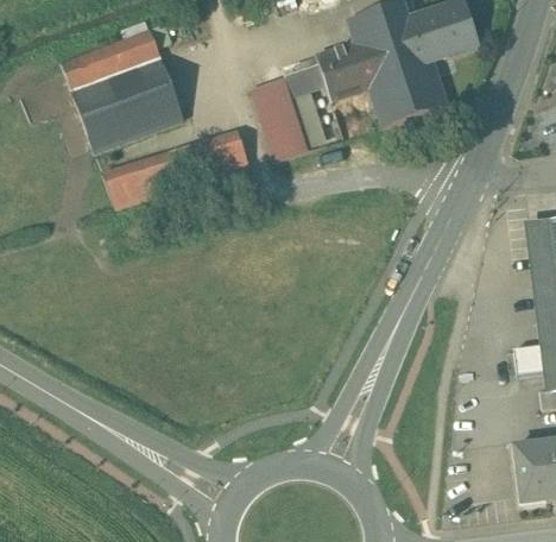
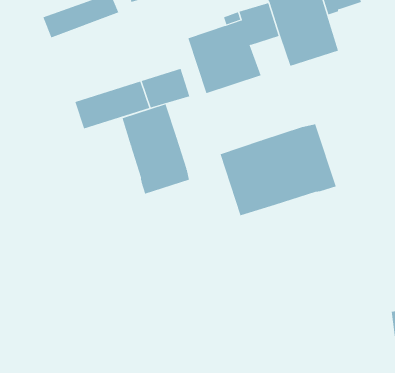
building: [70,56,182,152] -> none
building: none -> [122,104,190,195]
building: none -> [220,124,337,216]

